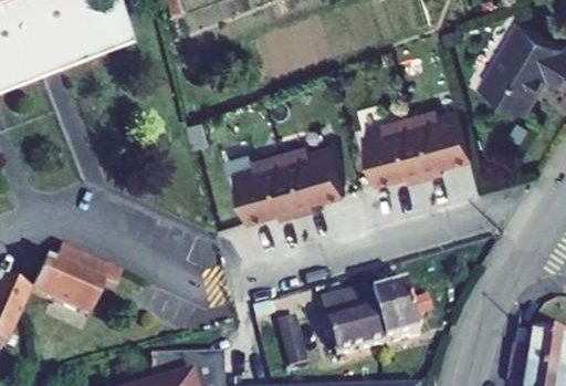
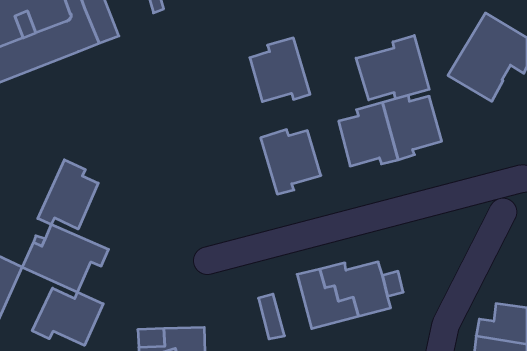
building: none -> [356,35,429,100]
building: [233,153,297,220] -> [250,38,310,102]
building: none -> [38,160,98,229]
building: none -> [32,288,103,345]

